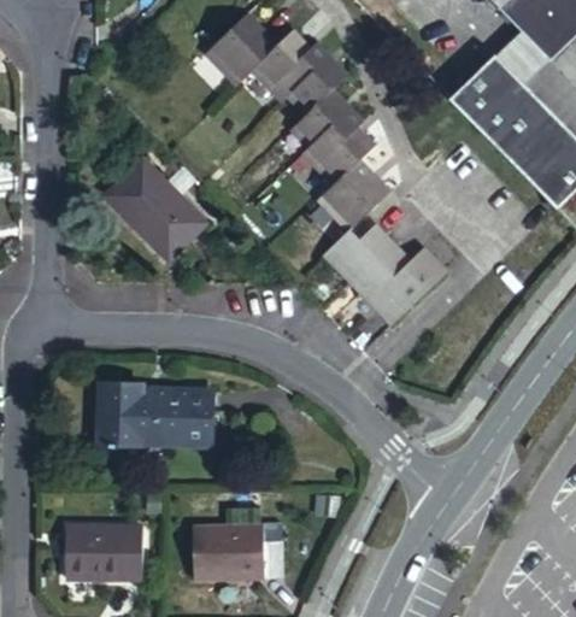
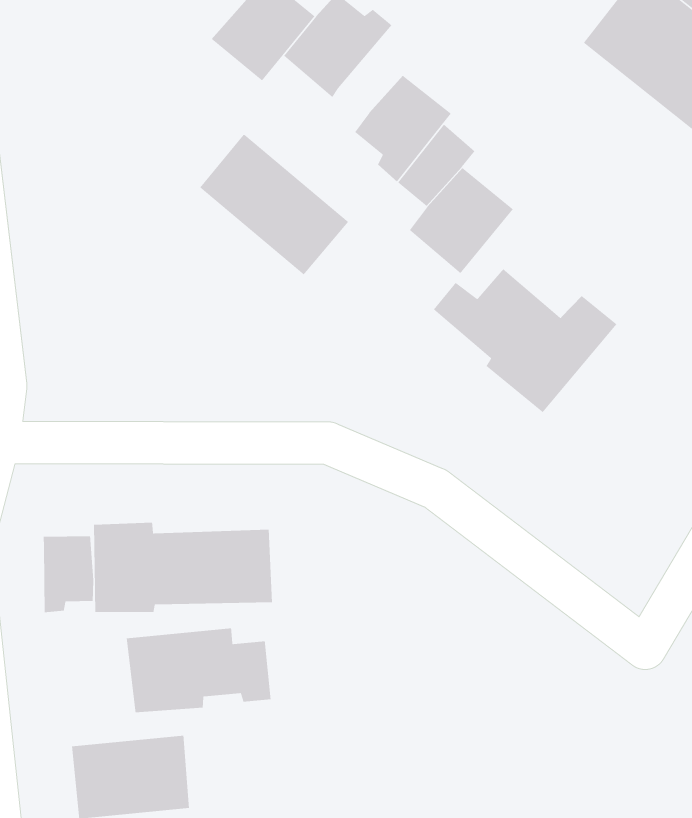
building: [286,69,343,125] -> none
building: [101,153,199,251] -> [199,134,349,275]
building: none -> [43,536,94,613]
building: [196,523,289,575] -> [126,627,271,713]

